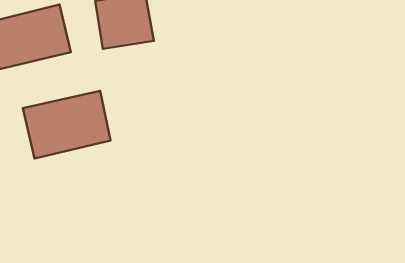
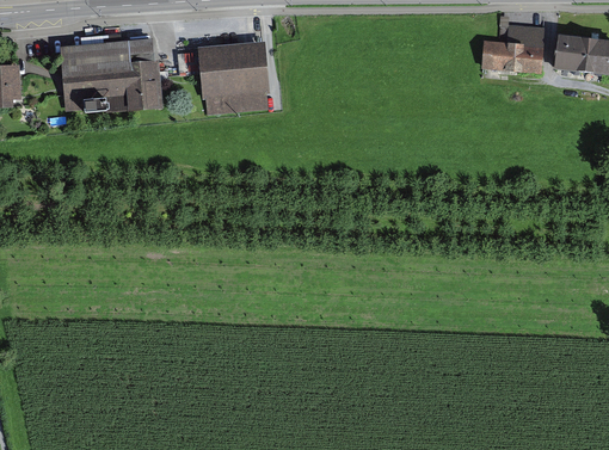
building: [23,91,111,158] -> none

